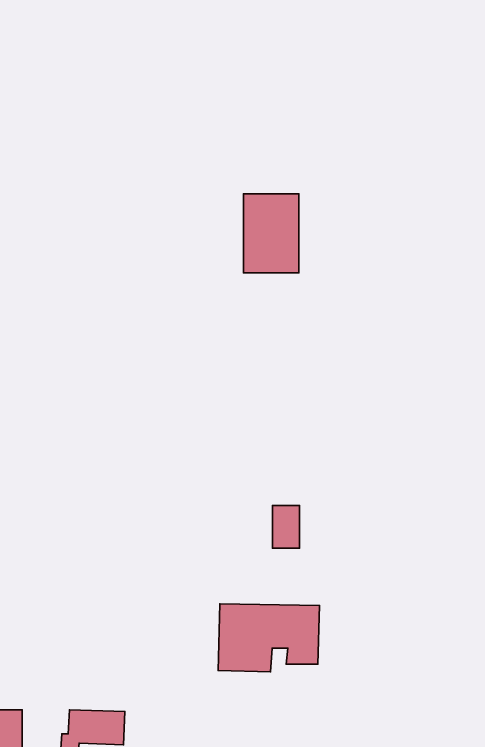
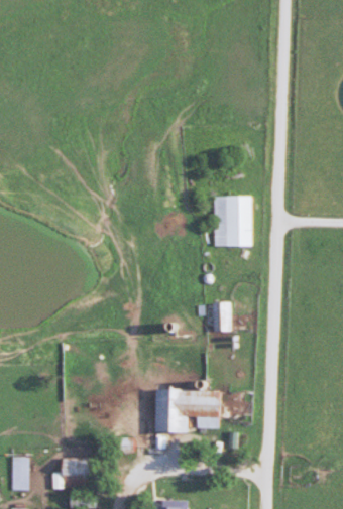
building: [243,194,299,273] -> [216,197,251,247]
building: [272,505,299,548] -> [213,304,230,332]

